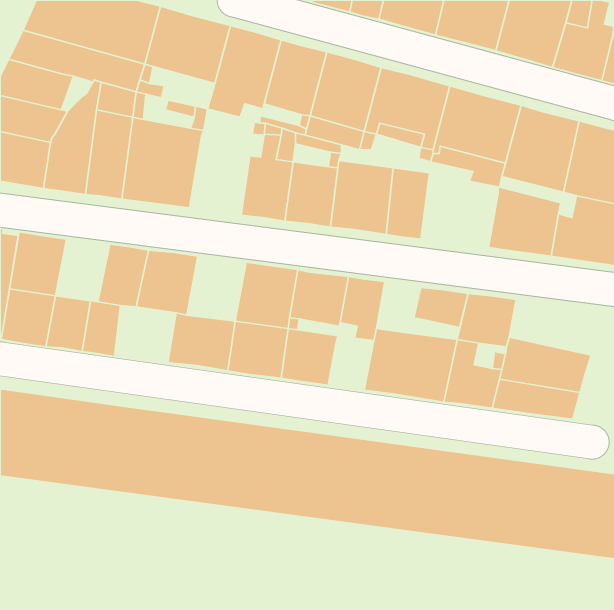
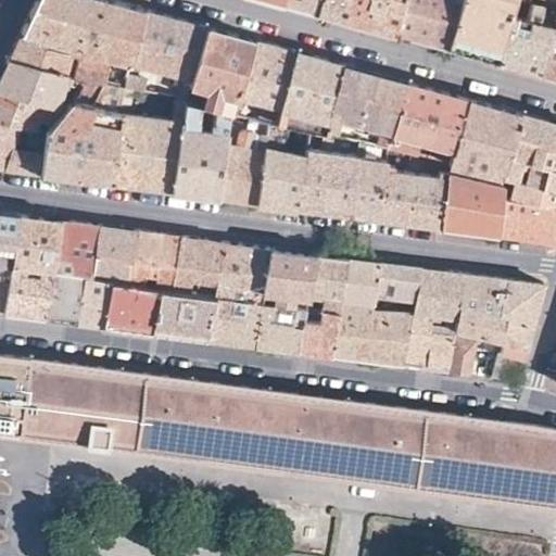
building: none -> [173,129,228,200]
building: none -> [381,172,451,229]
building: none -> [52,222,101,278]
building: none -> [170,237,224,295]
building: none -> [341,260,381,306]
building: none -> [460,276,545,326]
building: none -> [105,281,161,332]
building: none -> [298,311,339,357]

